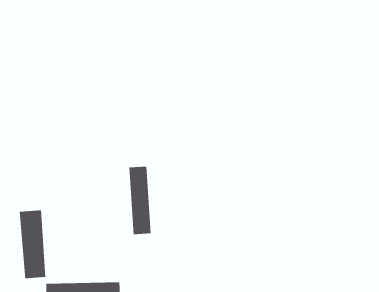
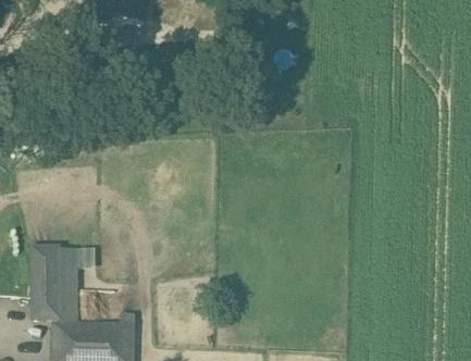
building: [128,166,152,235] -> [55,241,75,312]

